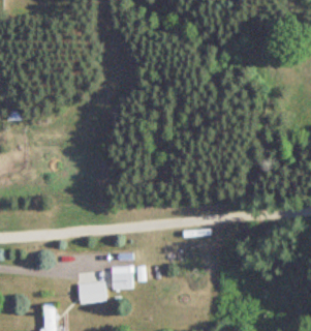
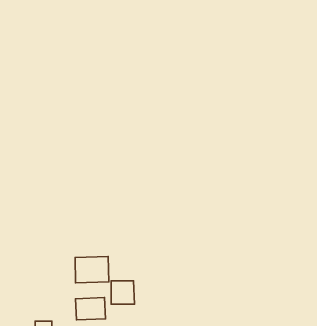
building: none -> [75,256,109,283]

